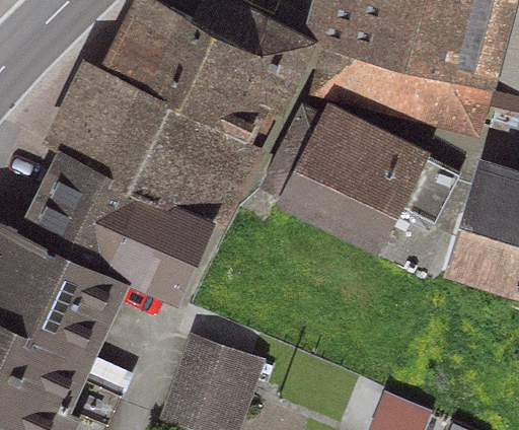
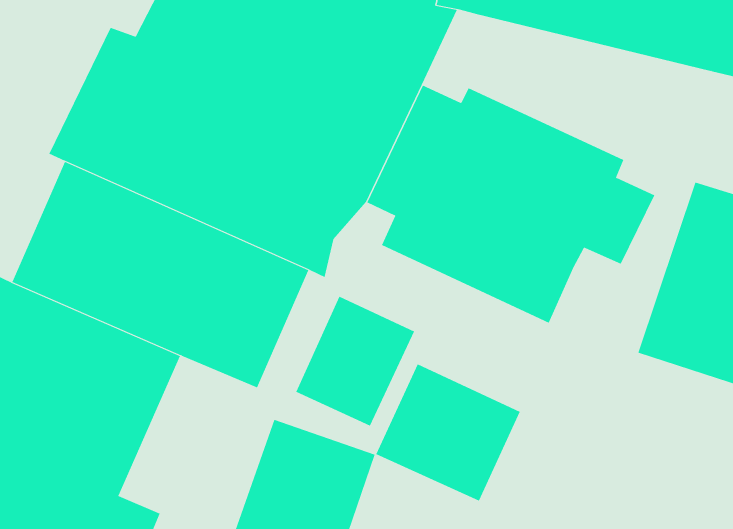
building: [320,49,496,137] -> none
building: none -> [295,296,415,427]
building: none -> [375,363,520,502]

